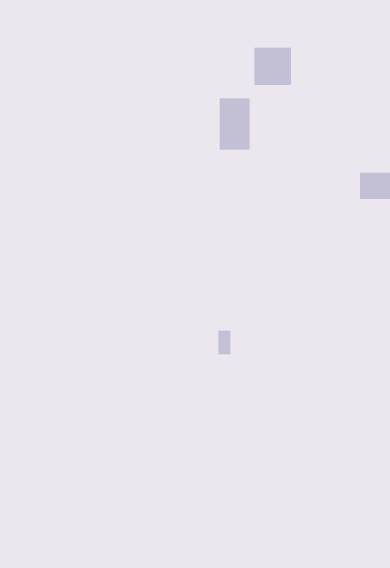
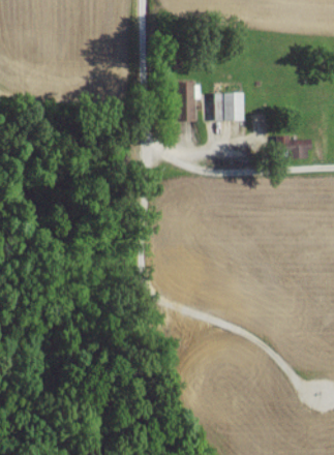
building: [253,47,292,85] -> [215,92,244,121]

